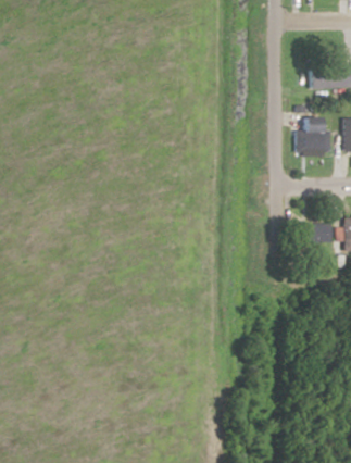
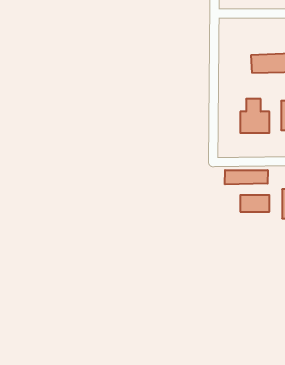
building: none -> [225,170,268,184]

